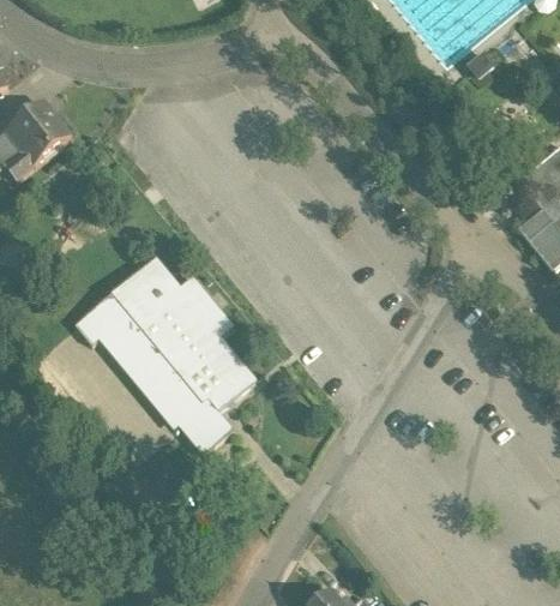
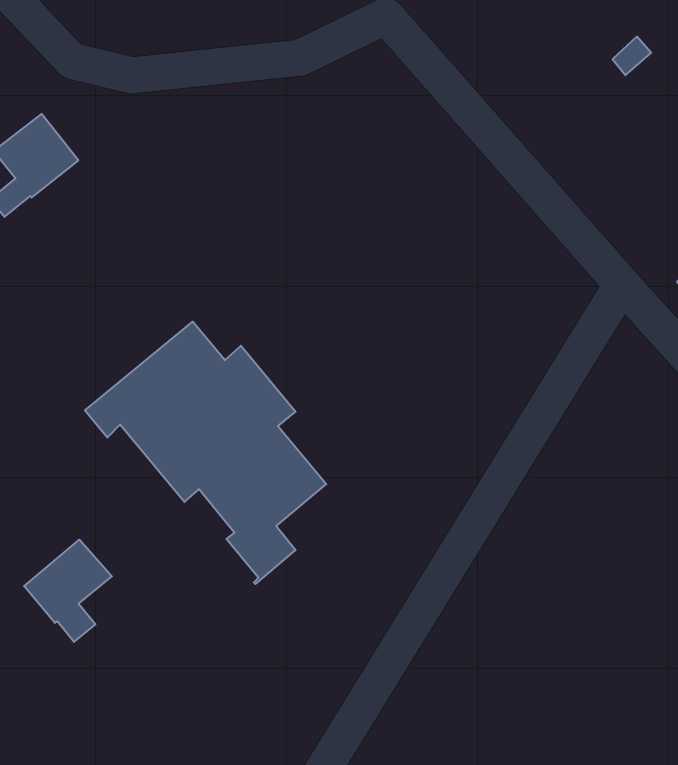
building: none -> [24,540,112,642]

